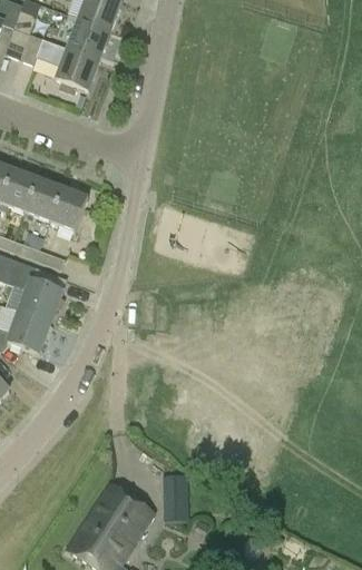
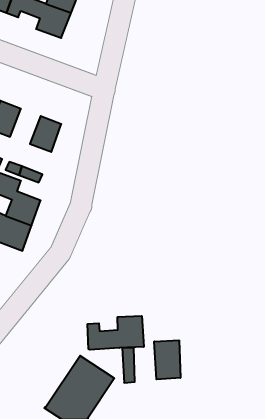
building: [23,177,61,220] -> none
building: none -> [88,316,144,350]
building: none -> [154,340,180,379]

